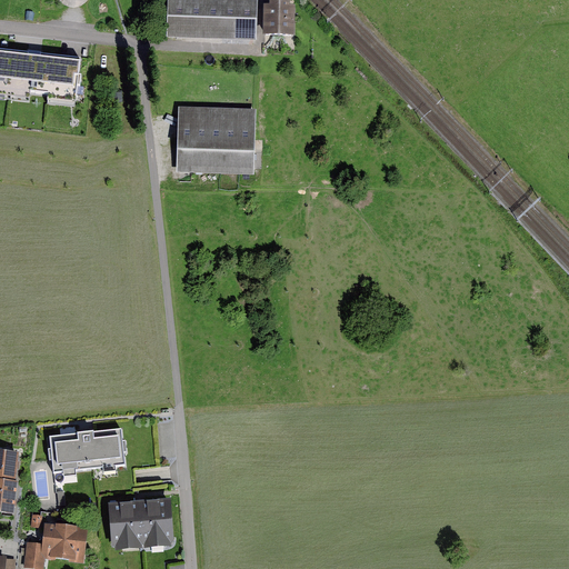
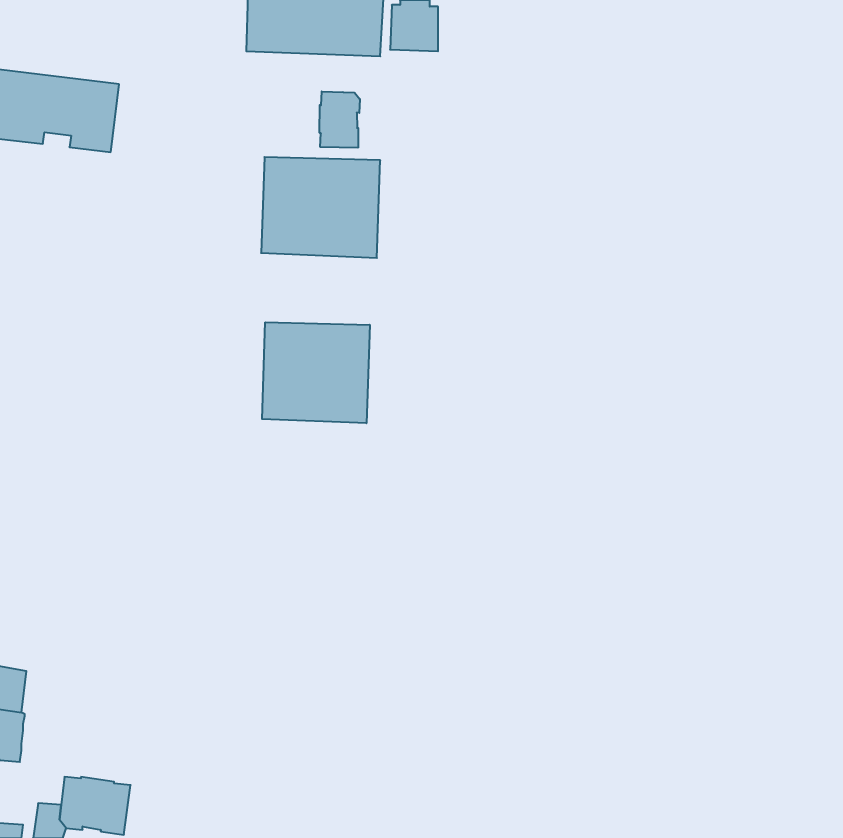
building: none -> [320,91,360,148]
building: none -> [262,322,370,423]
building: [49,428,123,476] -> none
building: [107,497,173,549] -> none

